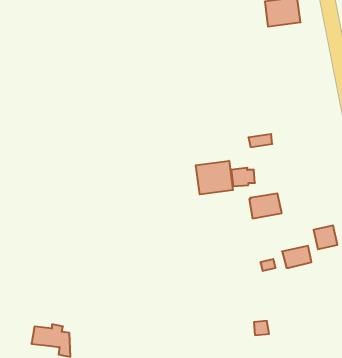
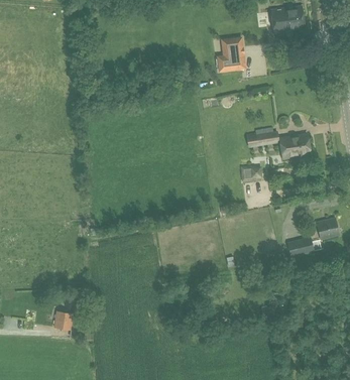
building: none -> [216,35,245,72]
building: [196,161,233,194] -> none
building: [249,193,282,218] -> [279,134,310,157]

